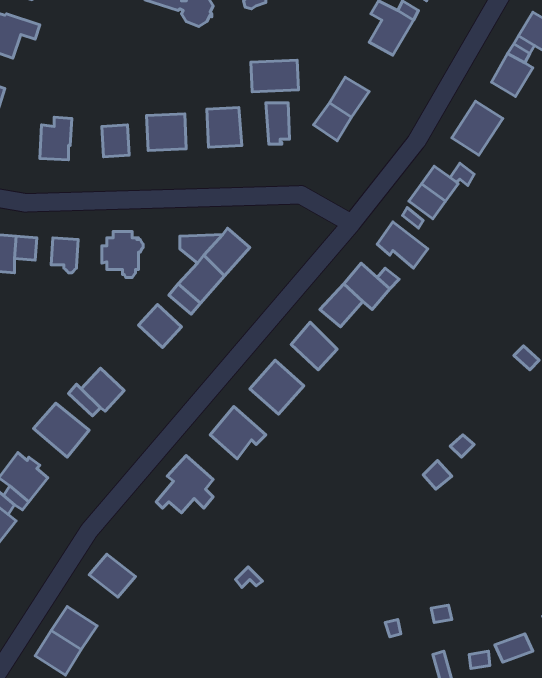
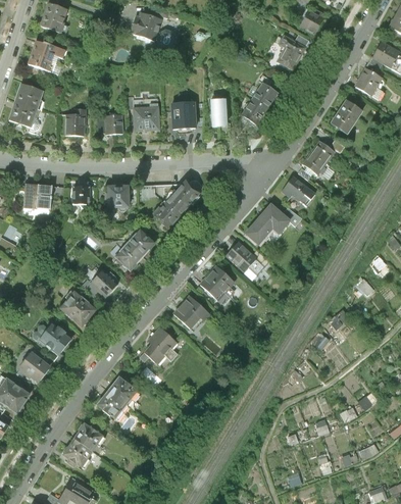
building: [251,60,299,92] -> none
building: none -> [115,243,144,271]
building: none -> [108,375,137,404]

